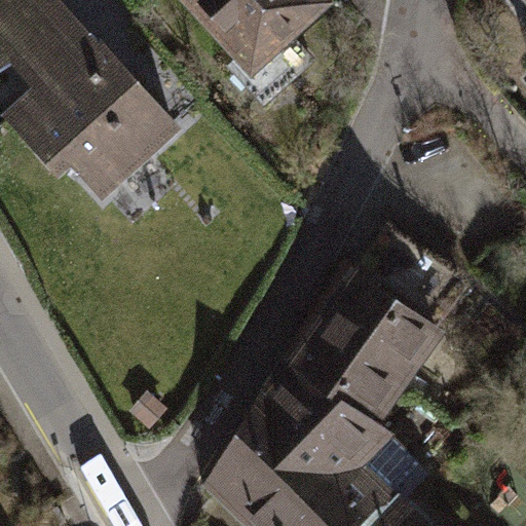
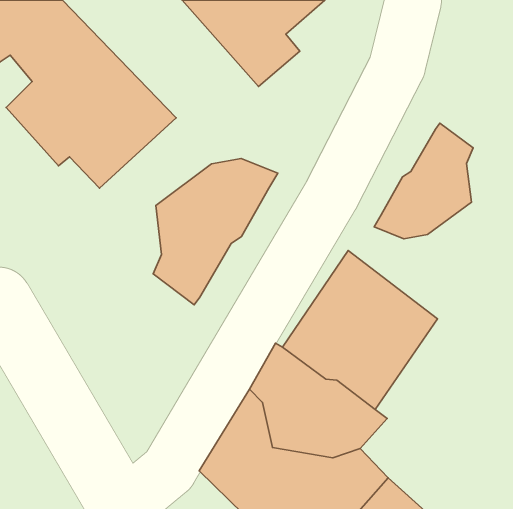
building: none -> [374,123,473,239]
building: none -> [153,158,278,305]

